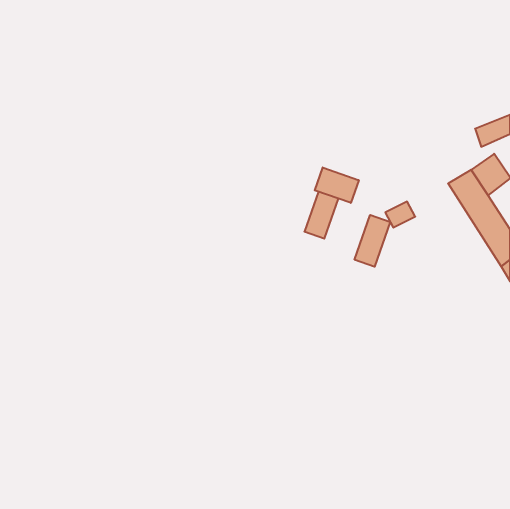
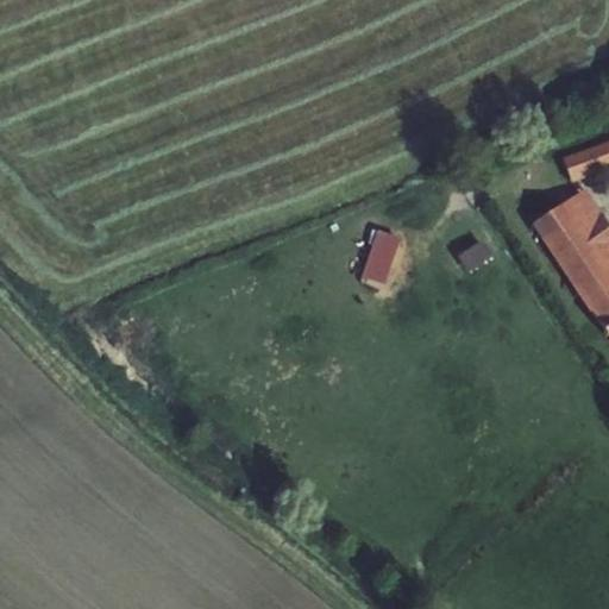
building: [315,167,359,203] -> none
building: [355,215,390,267] -> none

